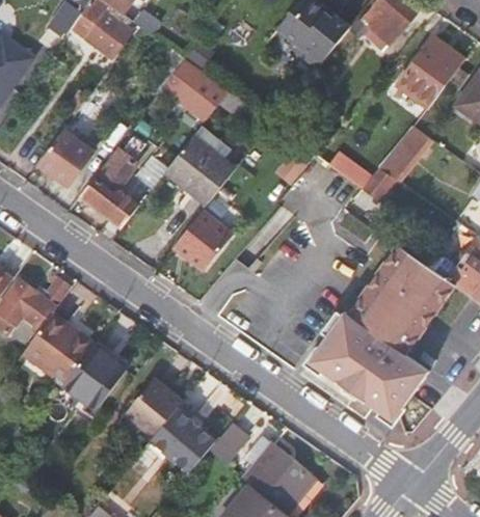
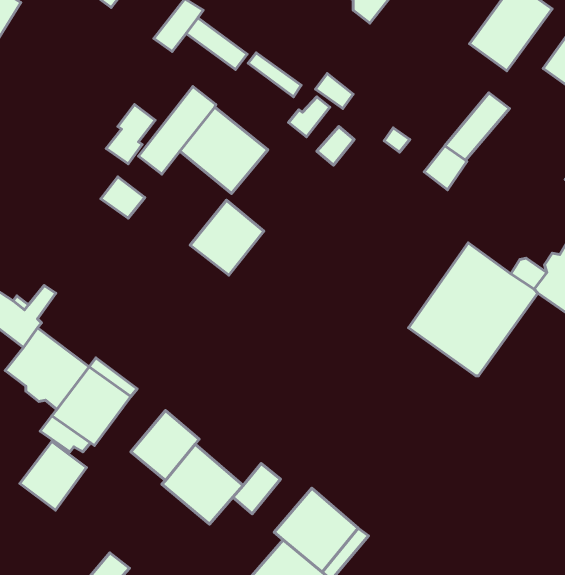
building: [38,133,90,185] -> none
building: [81,167,124,211] -> none
building: [311,312,429,420] -> none
building: none -> [20,442,86,510]

